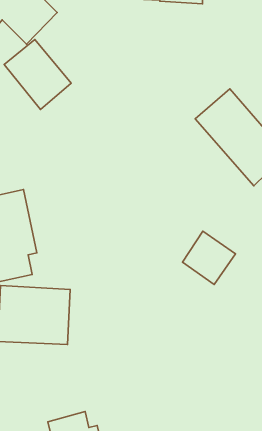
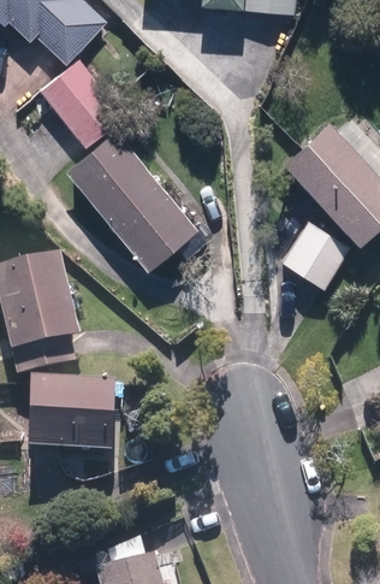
building: none -> [65,130,196,271]
building: [182,231,236,284] -> [278,220,346,289]

